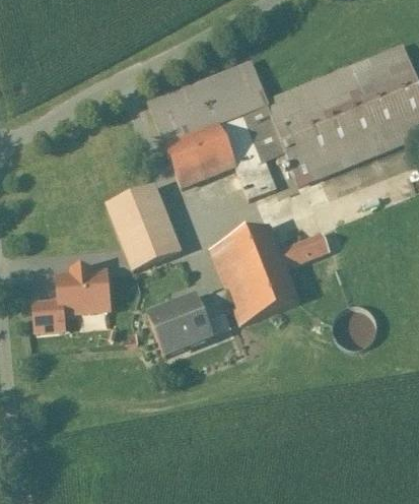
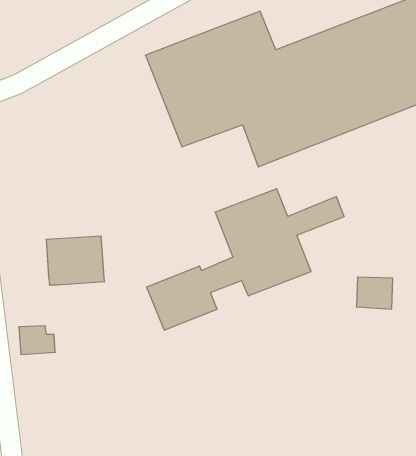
building: [108,184,181,269] -> none
building: [33,305,67,331] -> [19,326,55,355]

